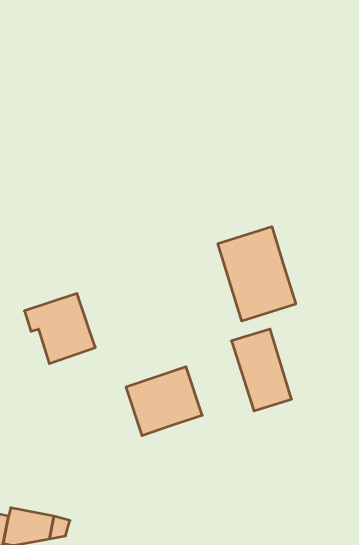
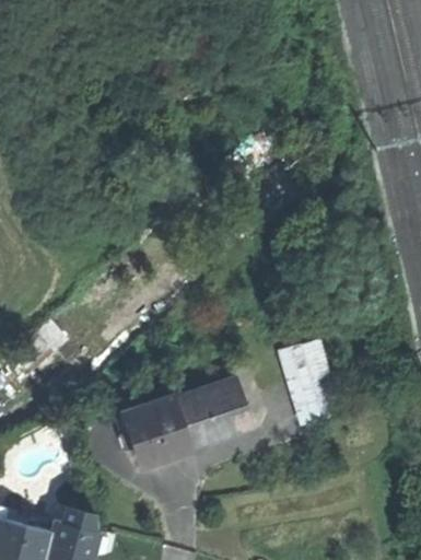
building: [218,227,296,321] -> none
building: [24,294,95,364] -> [116,394,188,465]

